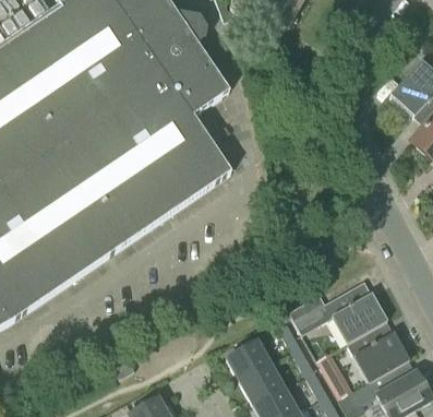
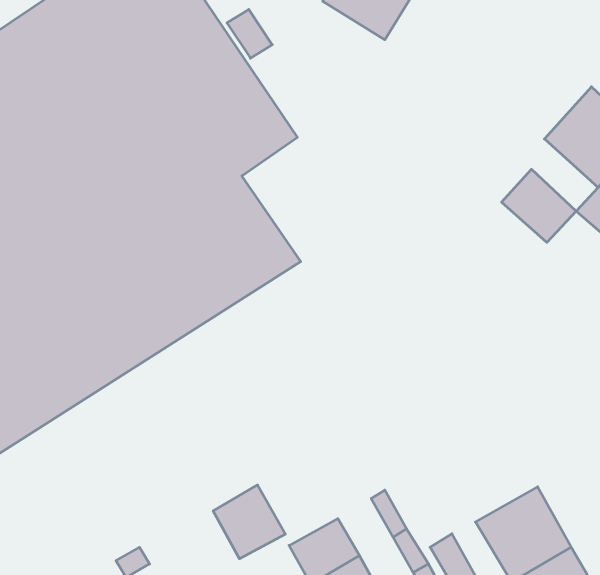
building: none -> [502,169,576,242]
building: [287,278,385,341] -> none
building: none -> [213,485,285,559]

